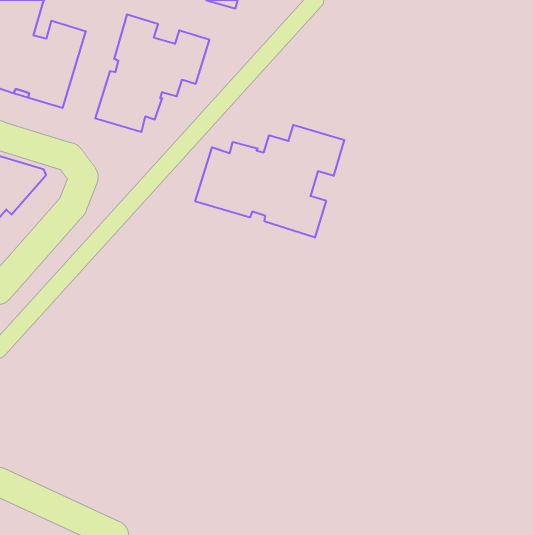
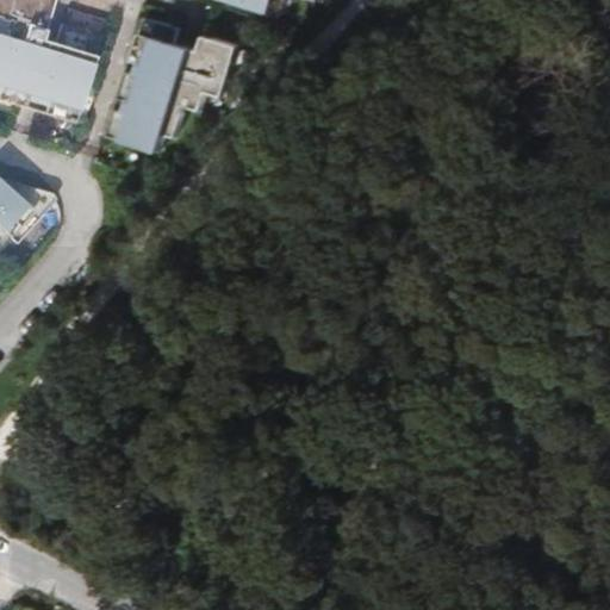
building: [195,125,344,238] -> none

